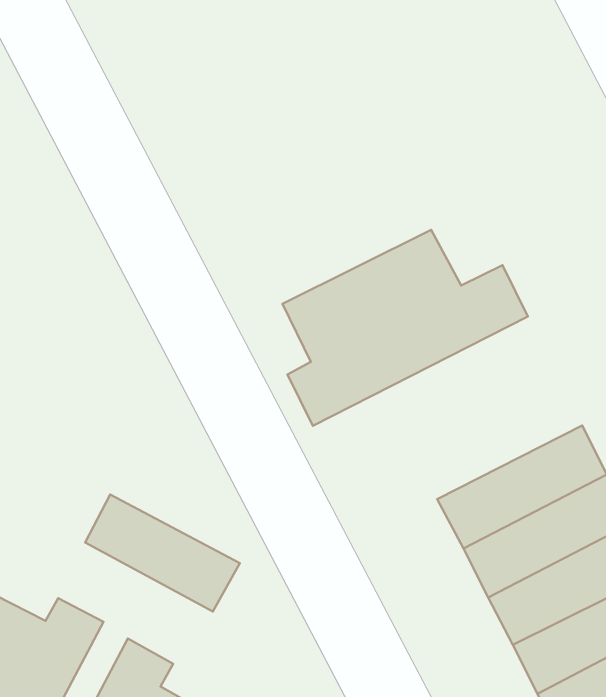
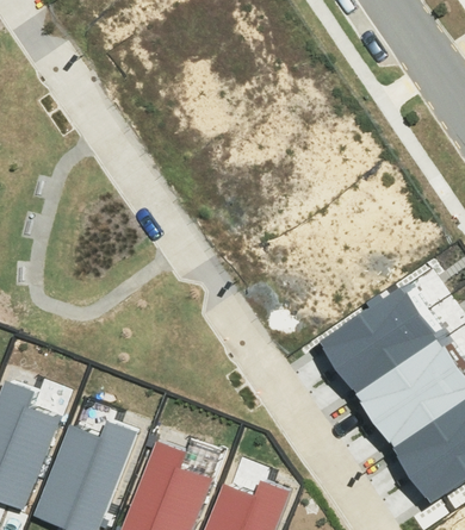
building: [283,230,528,426] -> none
building: [85,494,240,612] -> none

